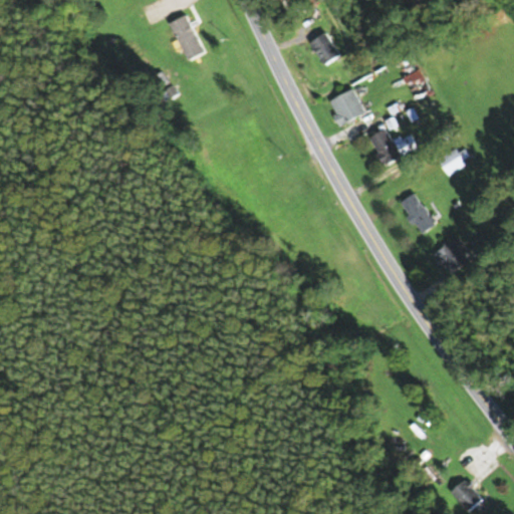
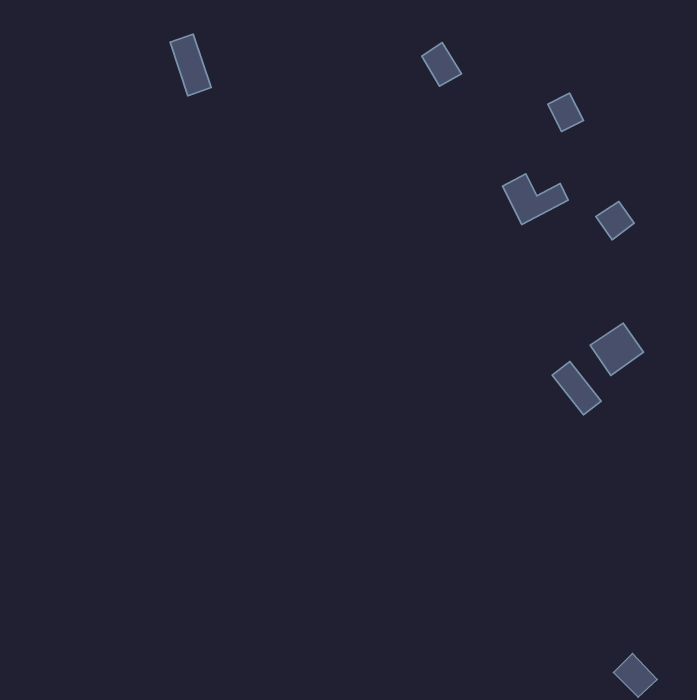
building: [171,14,201,59] -> [170,34,211,96]
building: [326,87,364,124] -> none
building: [399,193,435,232] -> [552,361,601,415]

